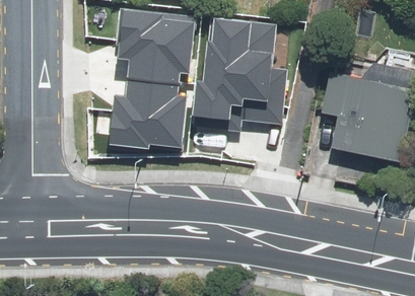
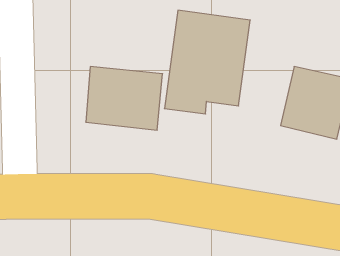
building: [115,12,203,87] -> none

